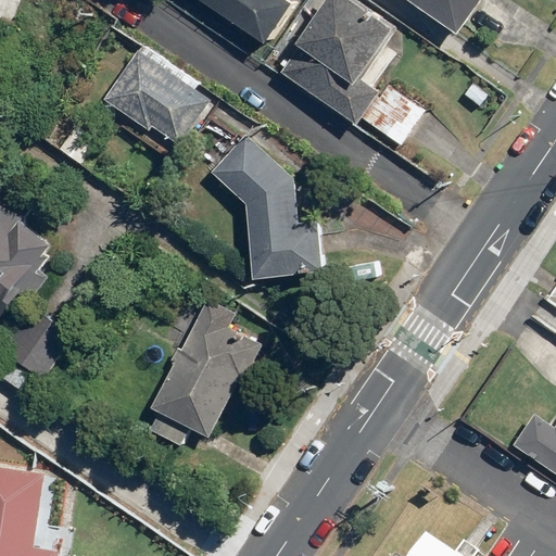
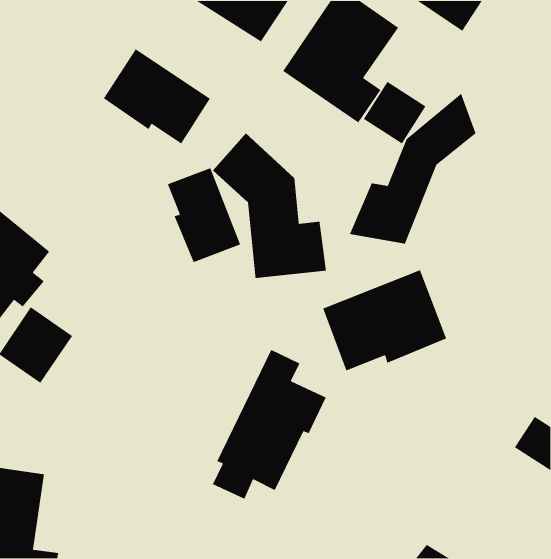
building: none -> [349,93,477,245]
building: none -> [167,167,241,263]
building: none -> [322,269,447,371]
building: [147,295,261,445] -> [212,349,327,500]

